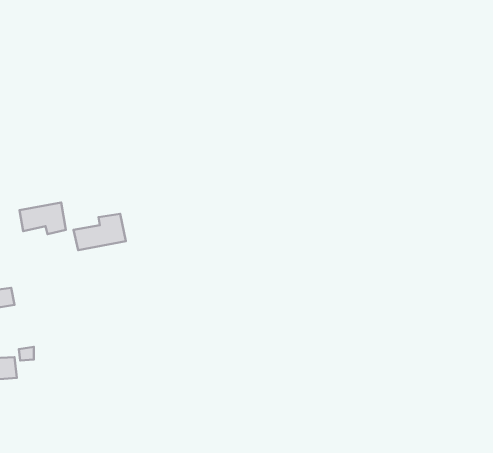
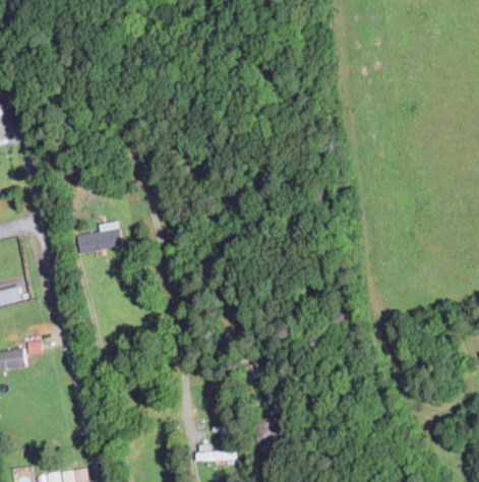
building: [20,202,66,234] -> none

